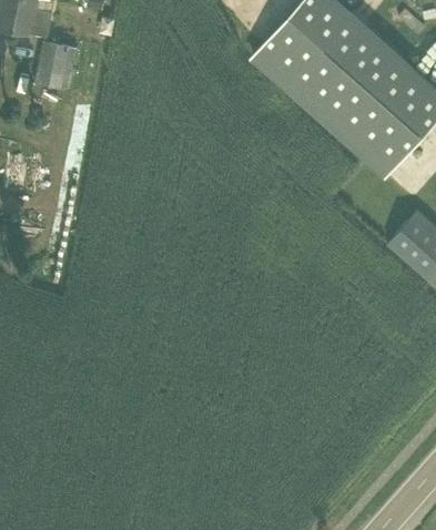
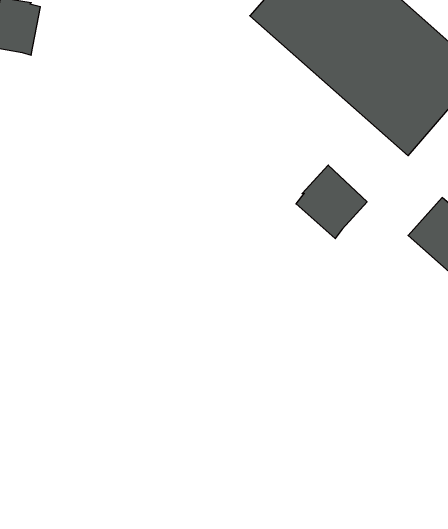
building: none -> [296,165,367,239]

